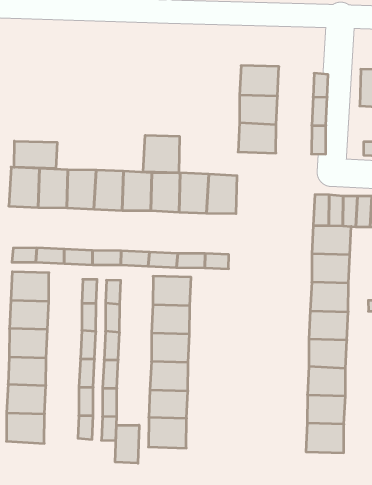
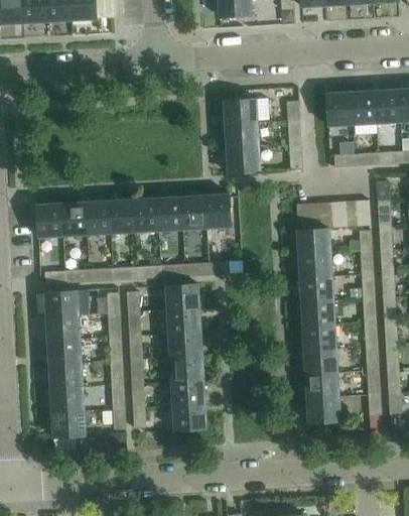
building: [143,135,179,173] -> none
building: [14,141,57,169] -> none
building: [115,425,139,463] -> none

